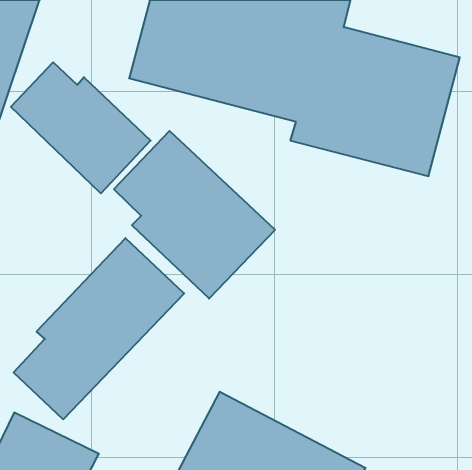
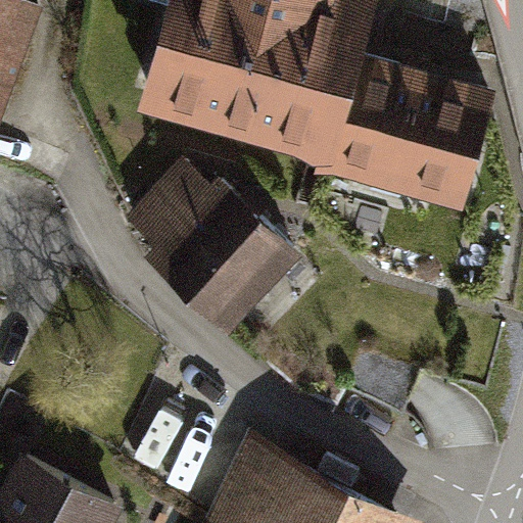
building: [11,62,151,193] -> none
building: [14,238,184,419] -> none

